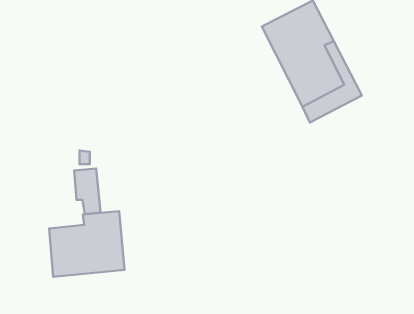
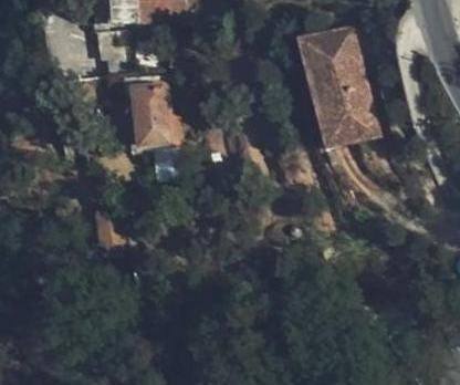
building: none -> [132,84,169,143]
building: [49,211,125,277] -> none

